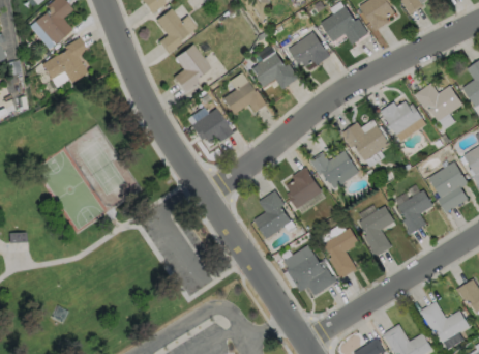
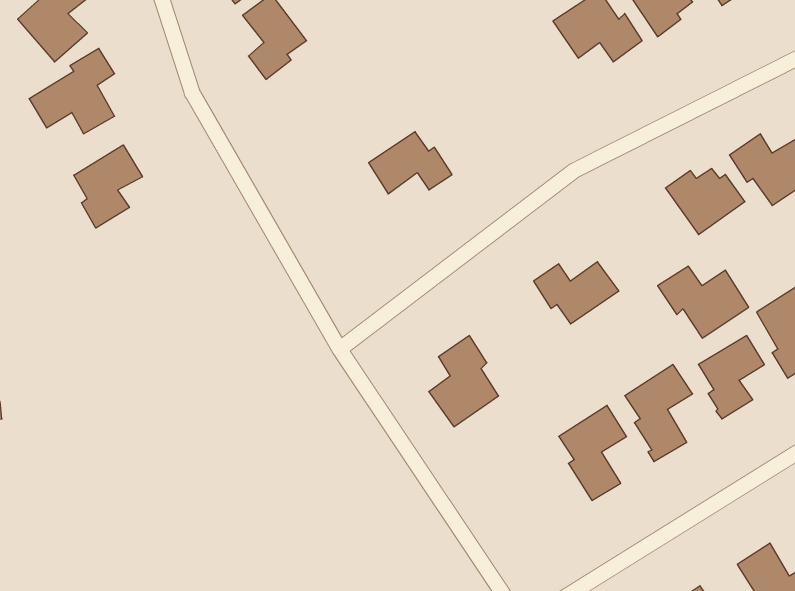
building: [289,32,330,66] -> none
building: [173,43,210,92] -> none
building: [251,52,299,89] -> none
building: none -> [74,145,142,228]
building: [190,109,233,143] -> none
building: [341,123,390,161] -> [658,266,749,338]
building: [287,168,323,209] -> none
building: [287,254,337,295] -> none

